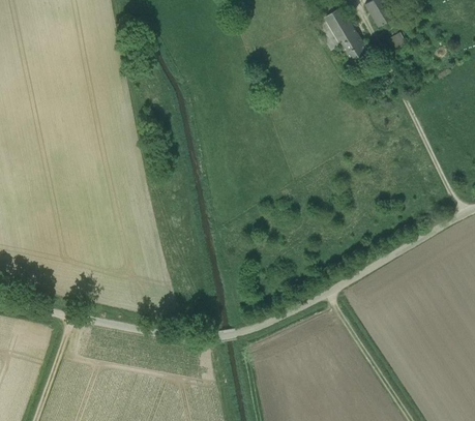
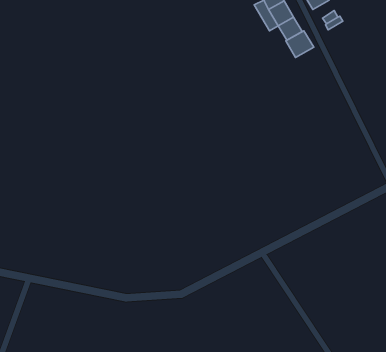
building: none -> [286,31,314,57]

